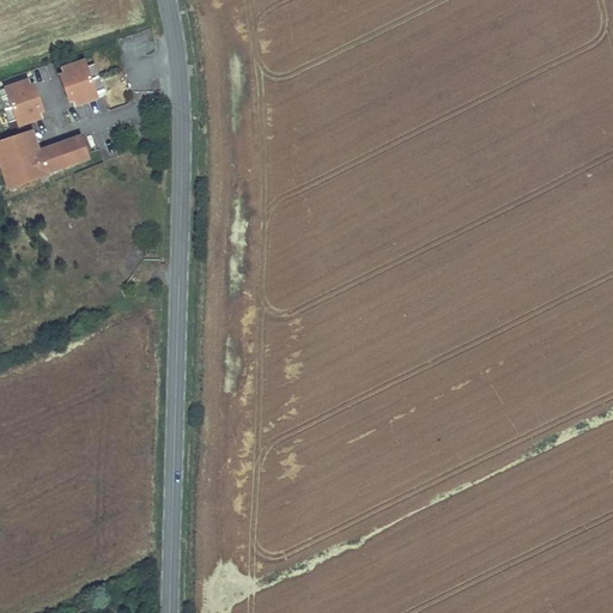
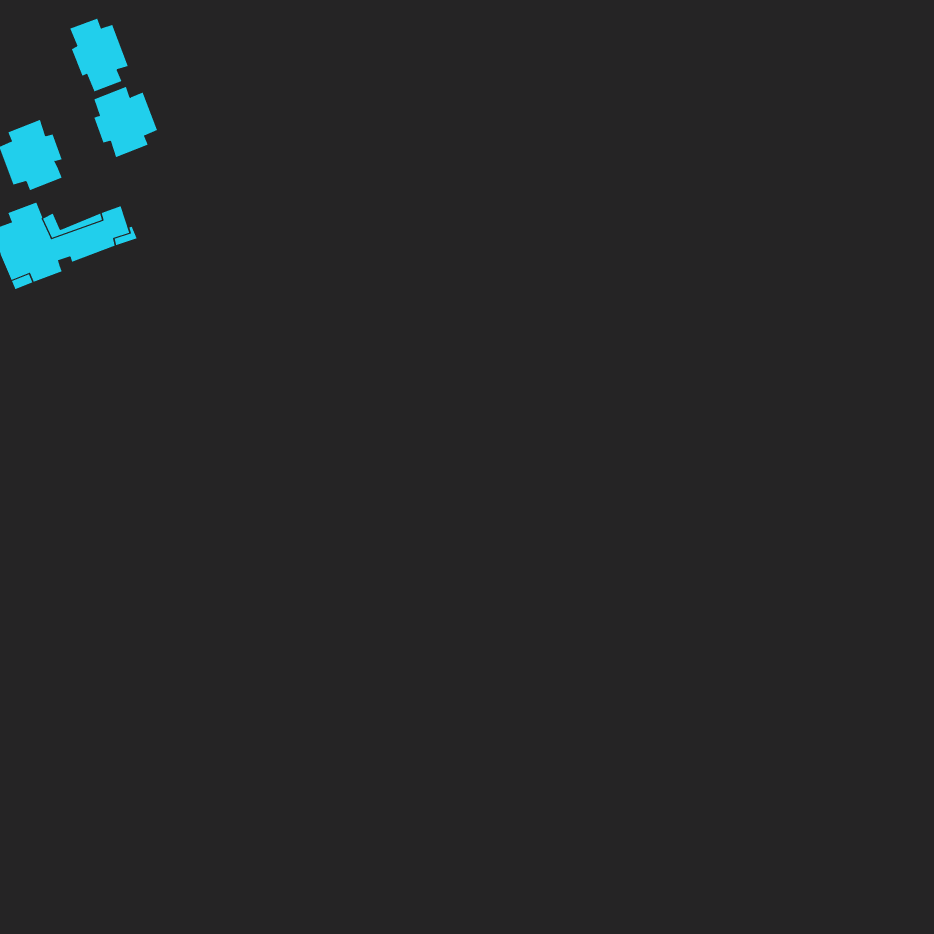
building: none -> [69,18,128,92]

